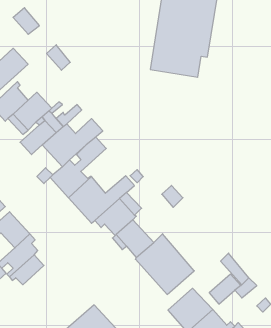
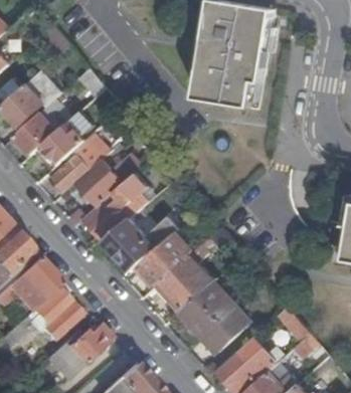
building: none -> [48,326,113,379]

